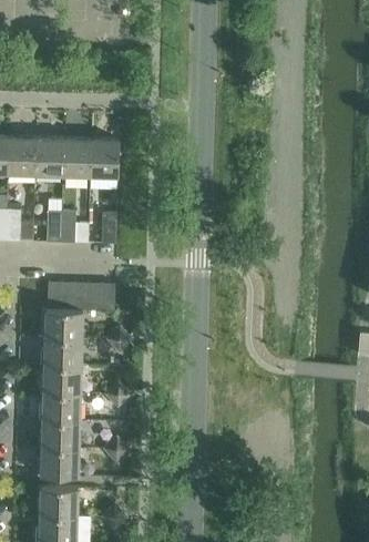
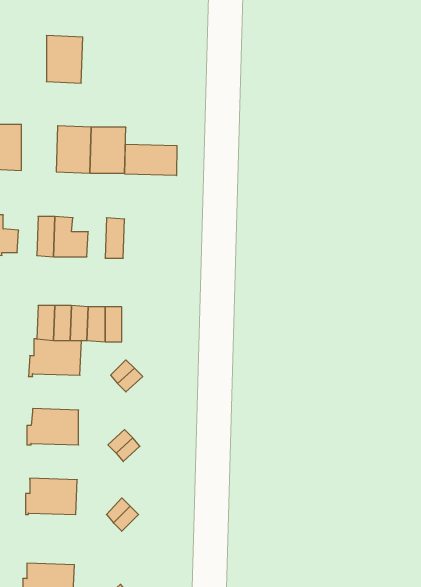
building: [35,140,64,177] -> [46,36,83,83]
building: none -> [125,144,177,176]
building: [41,338,82,368] -> none
building: [39,393,81,422] -> none
building: [38,449,79,479] -> none

